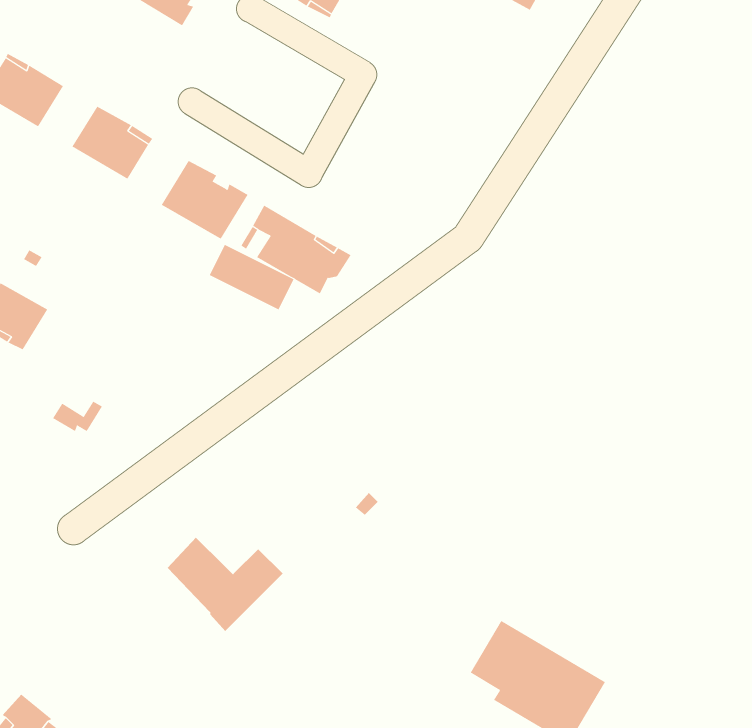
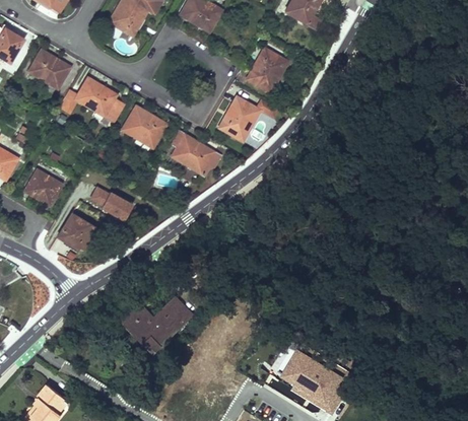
building: none -> [246,48,287,92]
building: none -> [218,96,260,141]
building: [209,244,294,310] -> [88,184,133,218]
building: none -> [57,213,94,240]
building: none -> [154,296,193,322]

